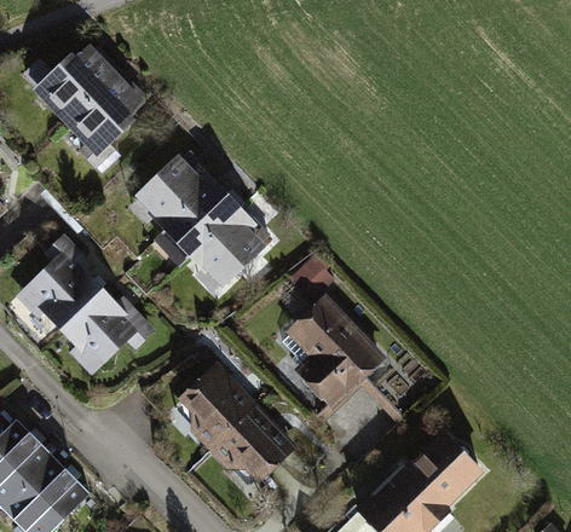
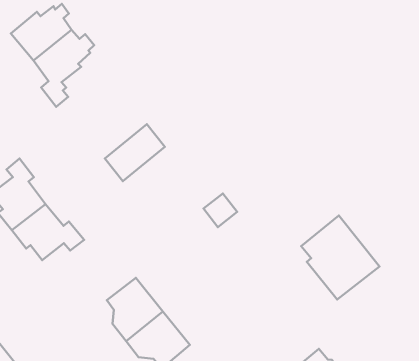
building: [140,152,213,230] -> none
building: [190,209,267,282] -> none
building: [282,301,379,403] -> [301,215,379,300]

